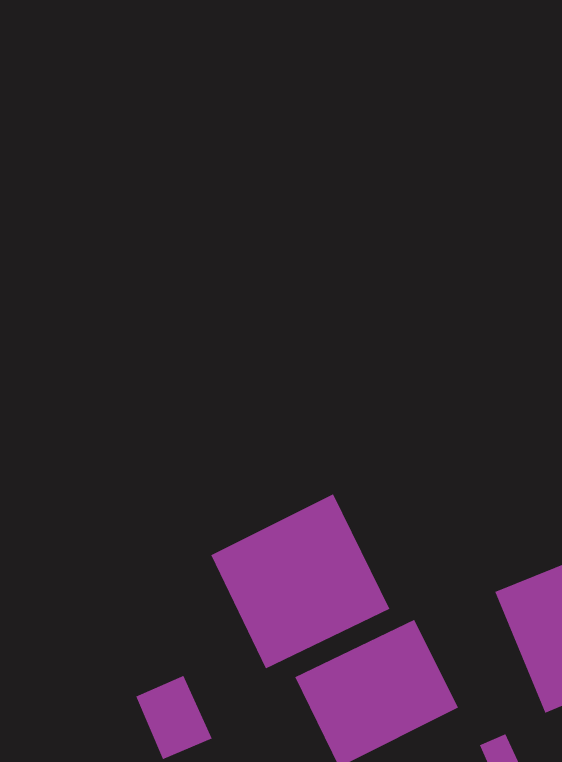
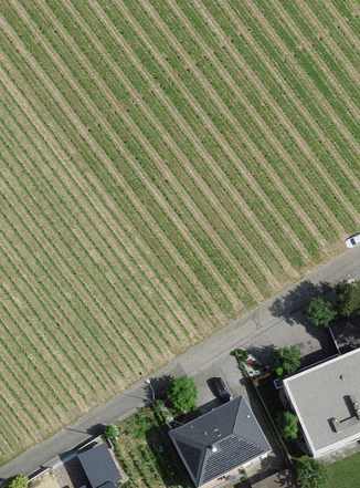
building: [210,493,390,670] -> none

